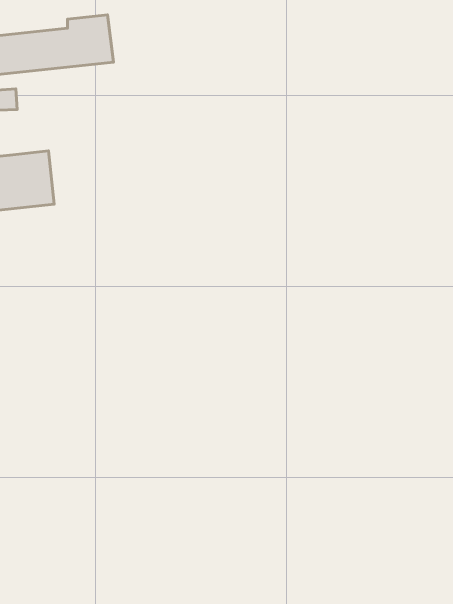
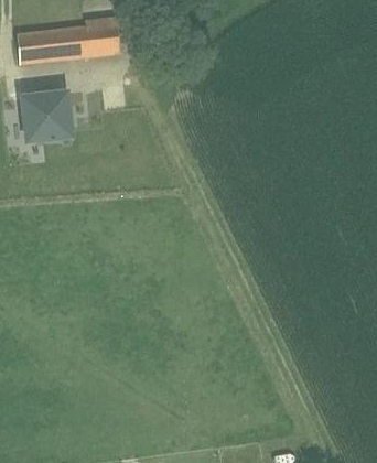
building: none -> [41,91,72,119]

